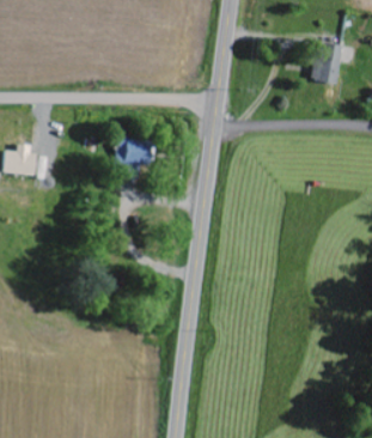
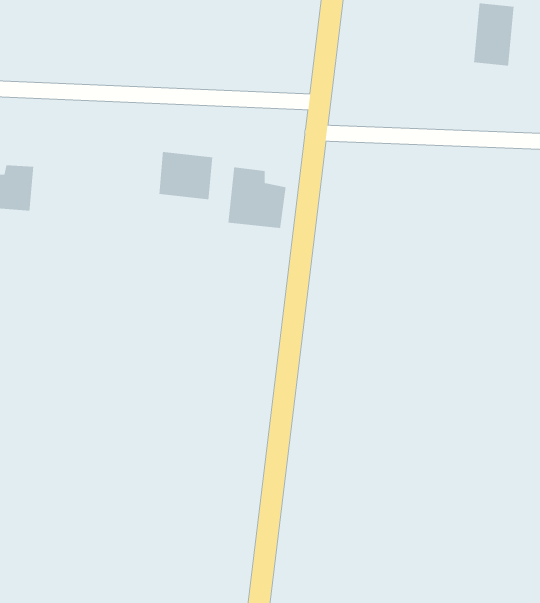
building: none -> [227,167,287,229]

